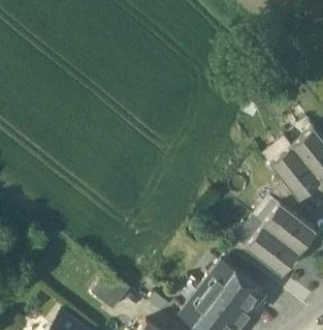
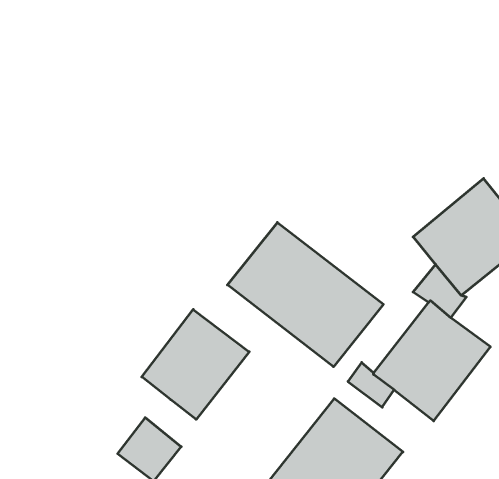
building: none -> [227,222,383,367]
building: none -> [142,309,249,419]

